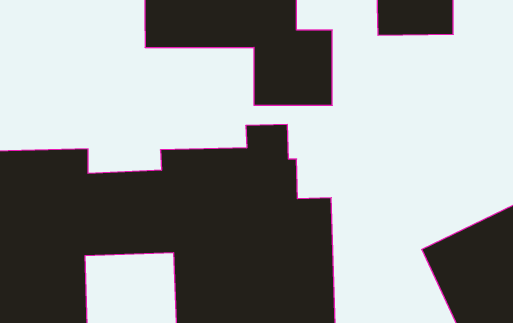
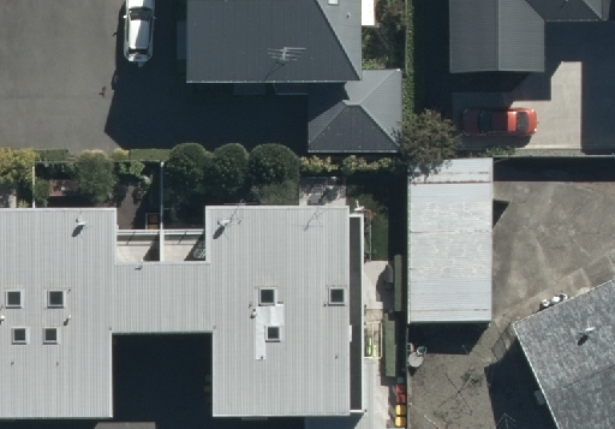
building: none -> [405,159,494,326]

